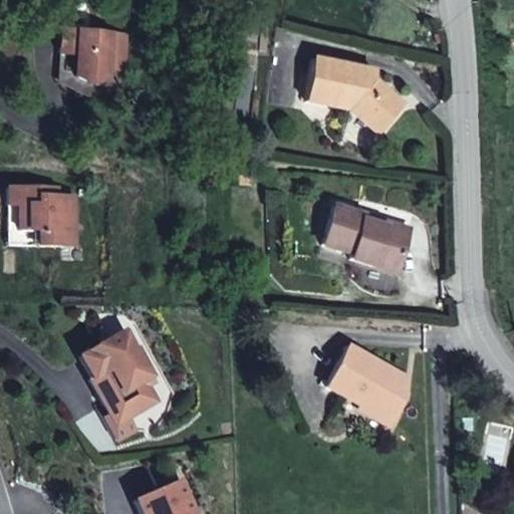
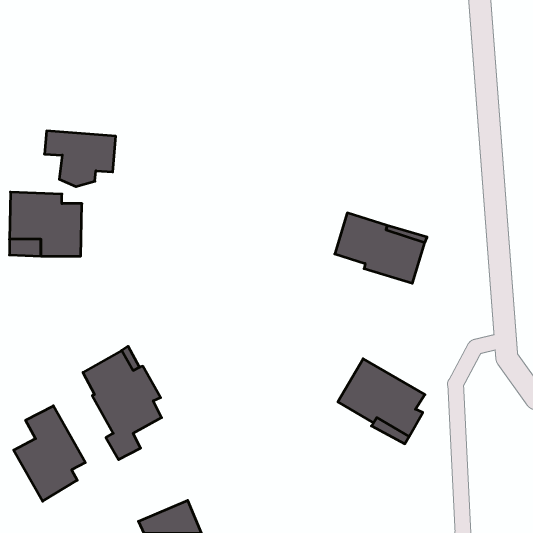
building: [62,28,131,81] -> [44,131,116,187]
building: [306,57,405,133] -> none
building: none -> [14,406,85,501]

